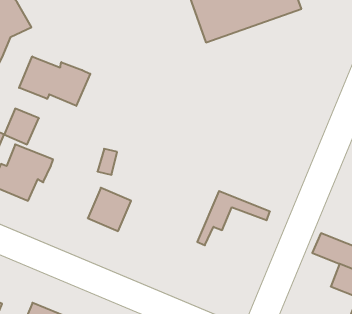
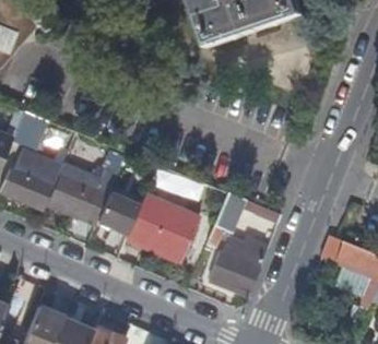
building: [19,56,90,106] -> none
building: none -> [44,168,97,218]
building: none -> [123,197,193,261]
building: none -> [208,232,268,292]

